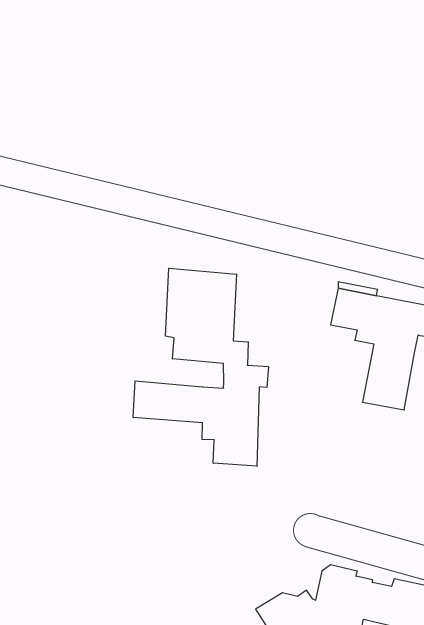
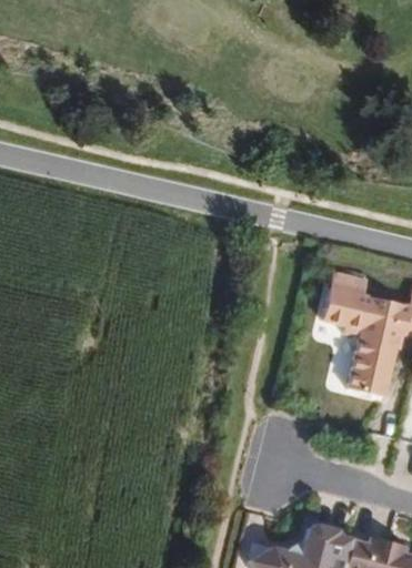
building: [133,268,269,466] -> none

